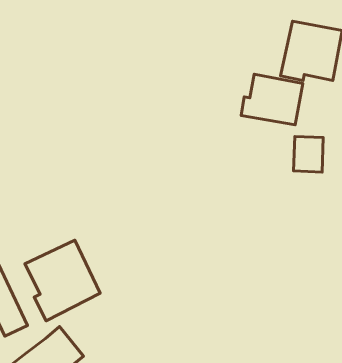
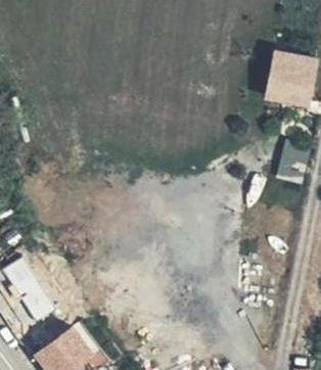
building: [241,74,303,125] -> none
building: [25,240,100,321] -> none

